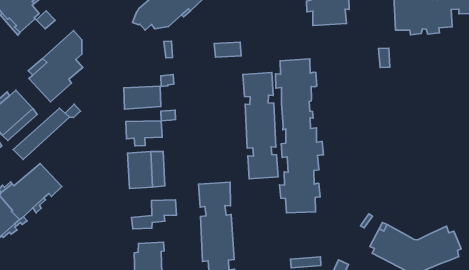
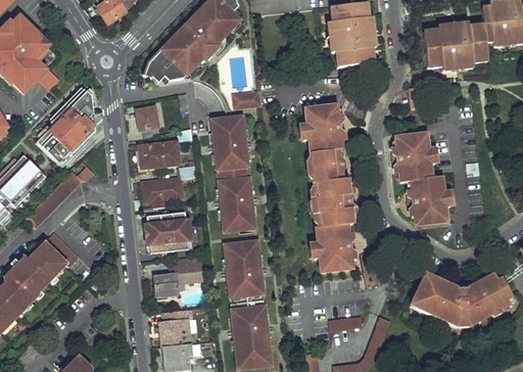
building: none -> [137,106,159,136]
building: [243,72,278,179] -> [211,115,255,231]
building: none -> [391,131,450,222]

